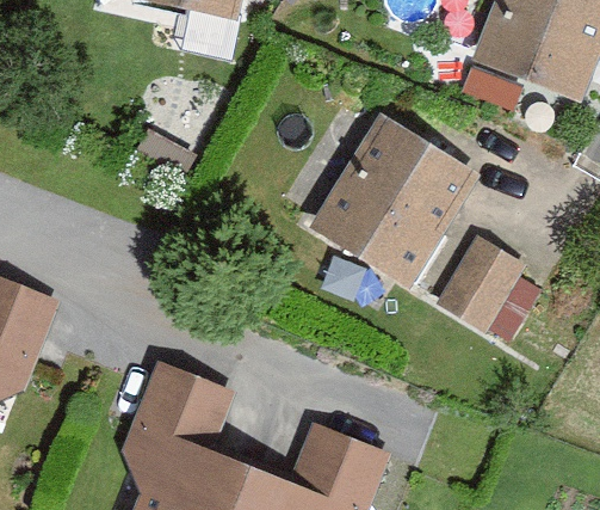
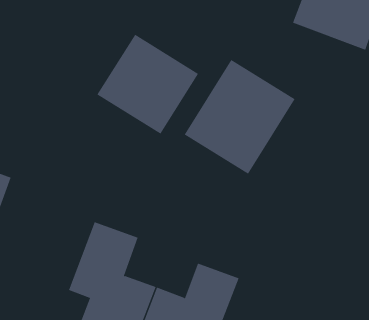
building: none -> [96,34,199,135]
building: [432,236,522,334] -> none

